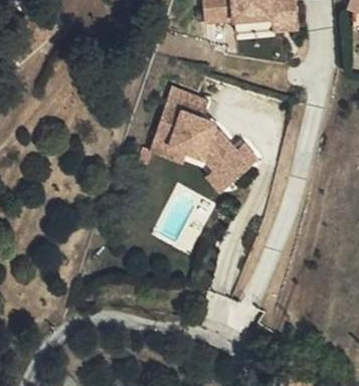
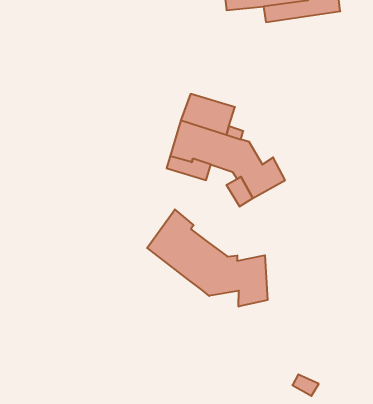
building: none -> [147,209,268,307]

